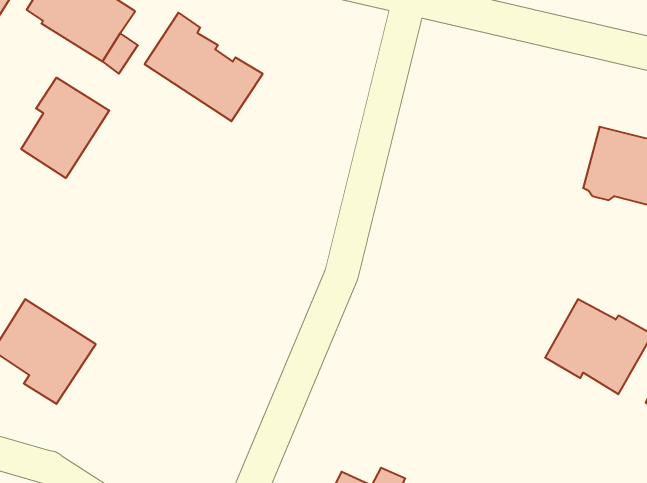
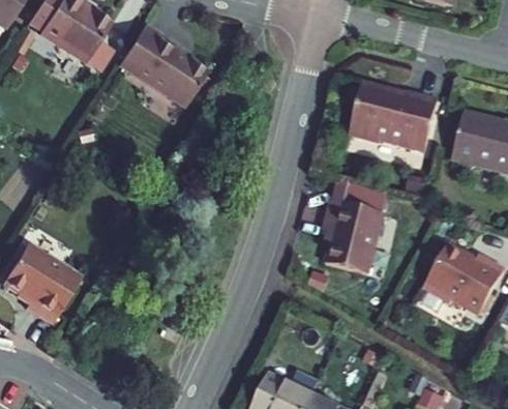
building: [21,78,109,178] -> none
building: none -> [350,82,438,151]
building: none -> [324,180,388,273]

